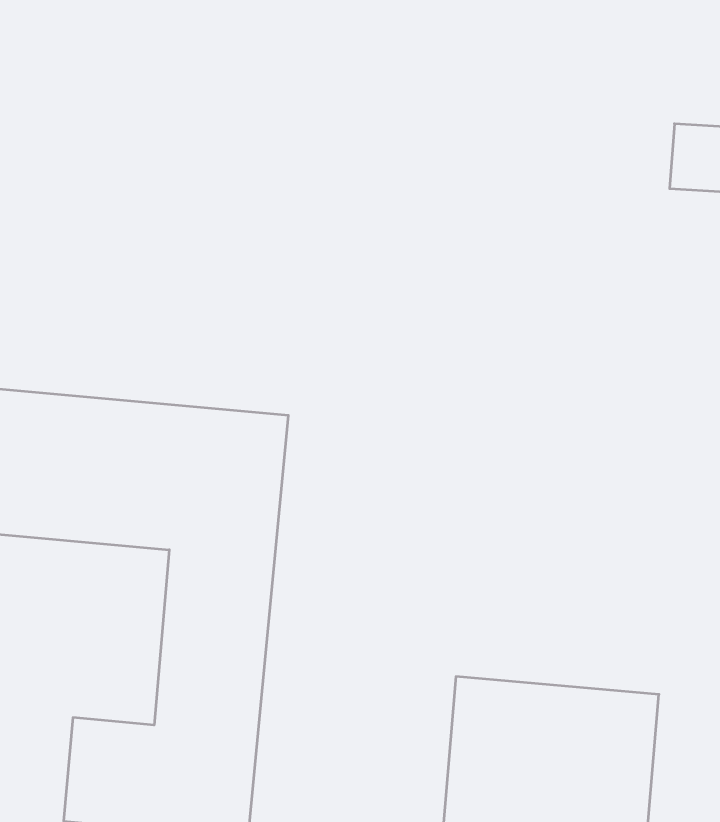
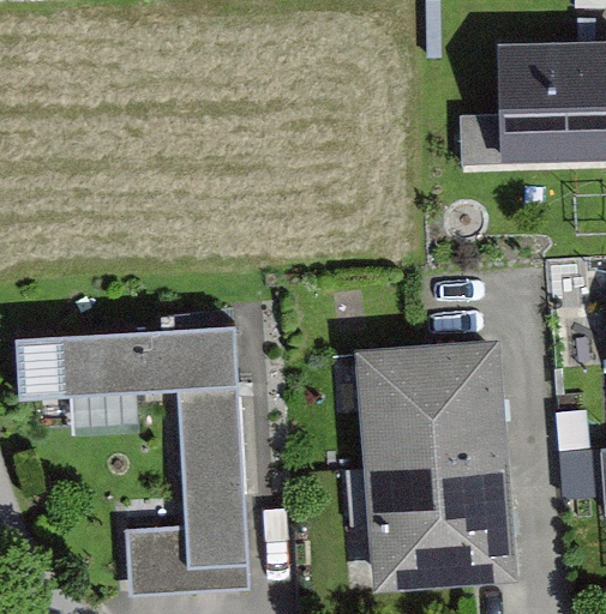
building: none -> [360,336,502,472]

